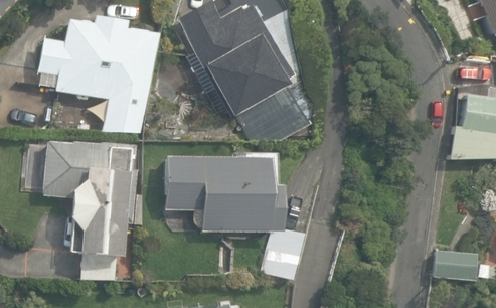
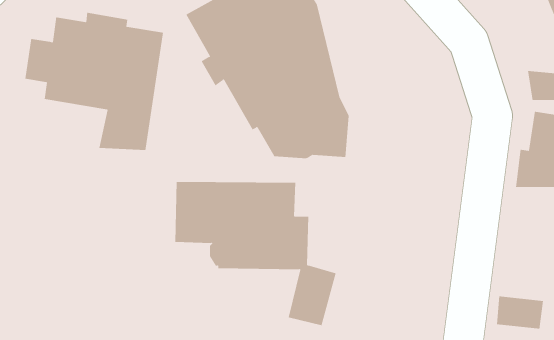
building: [46,139,138,279] -> none

